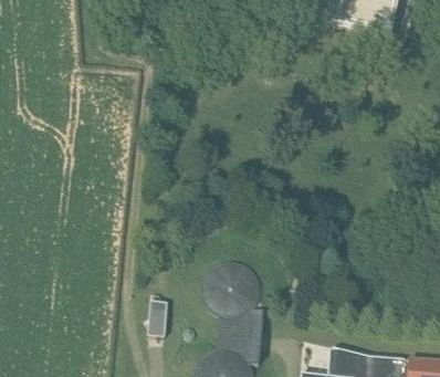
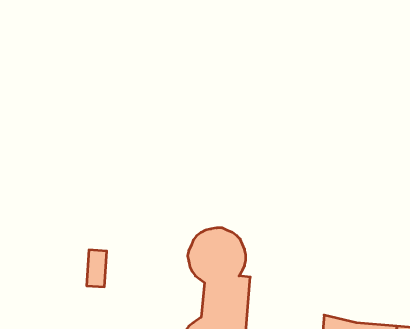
building: [148,301,168,337] -> [87,250,107,287]

